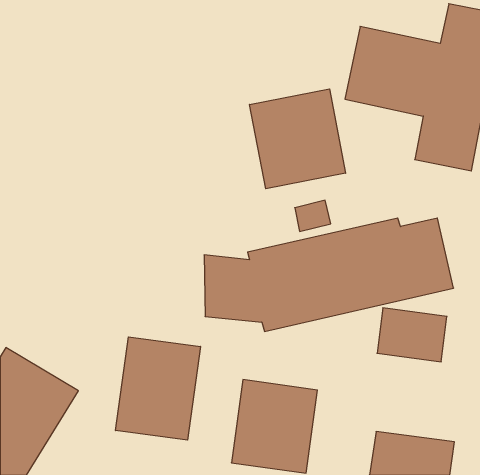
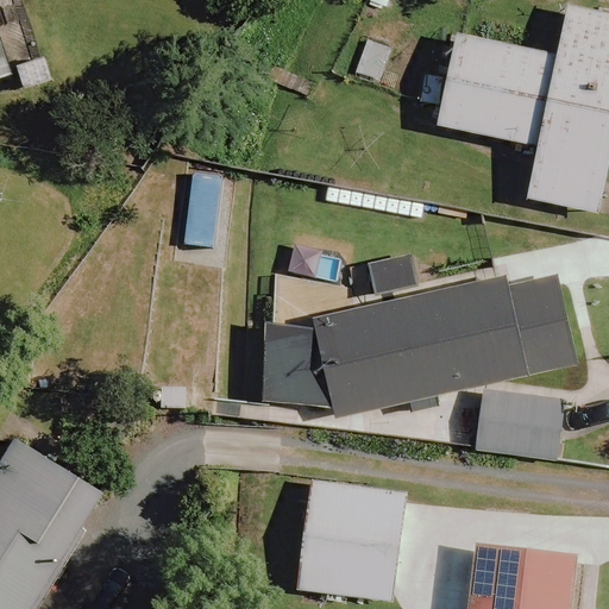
building: [250,89,346,189] -> none
building: [116,337,200,440] -> none

